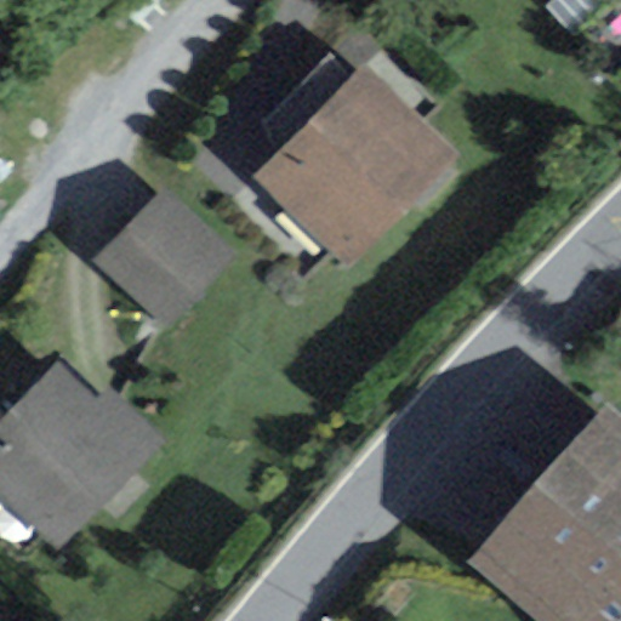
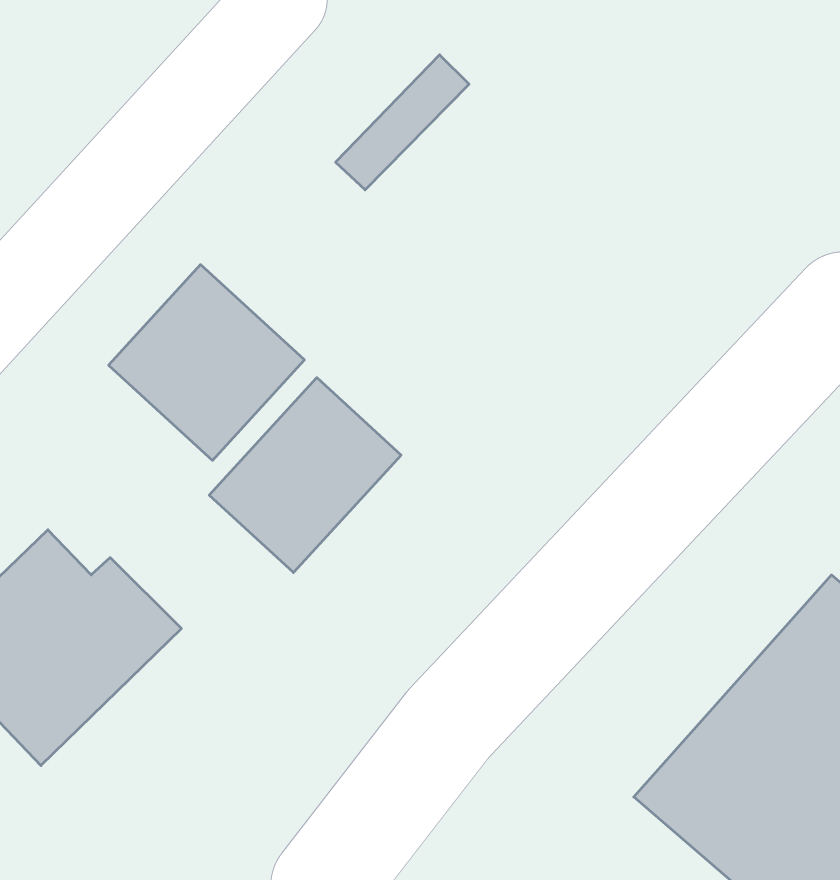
building: [263,74,449,258] -> none
building: none -> [209,378,401,573]

